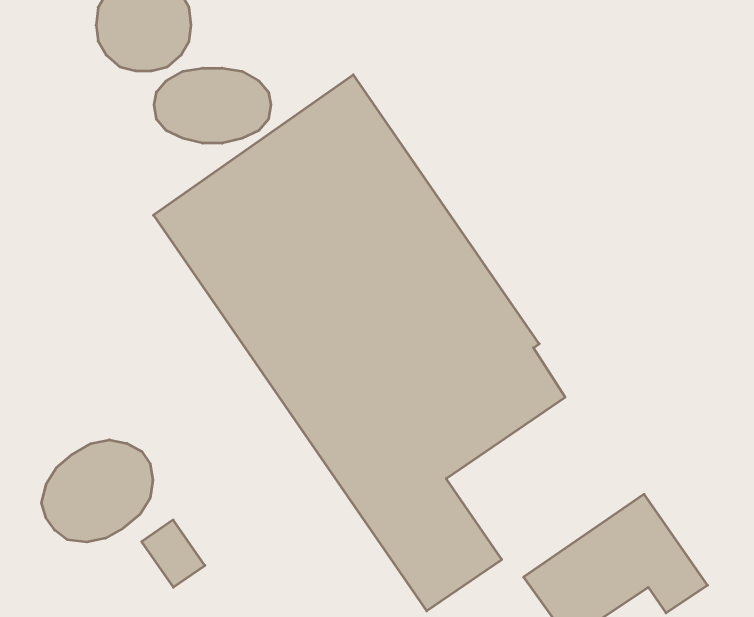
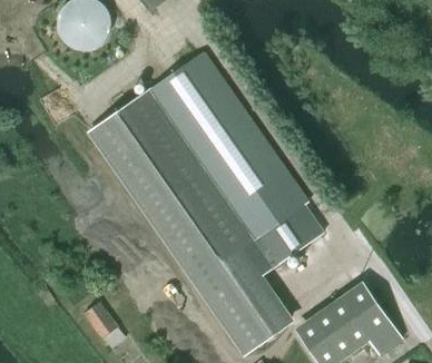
building: [154,68,271,143] -> none
building: [42,440,153,542] -> none

